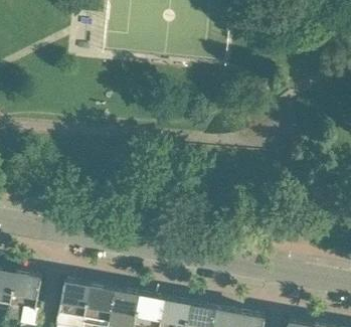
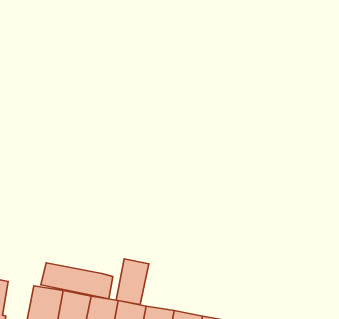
building: none -> [116,259,149,305]
building: none -> [41,263,113,299]

